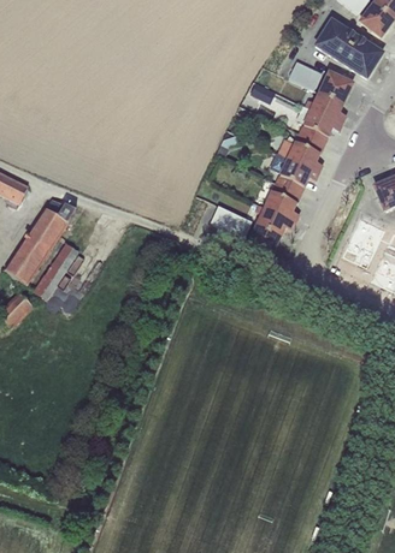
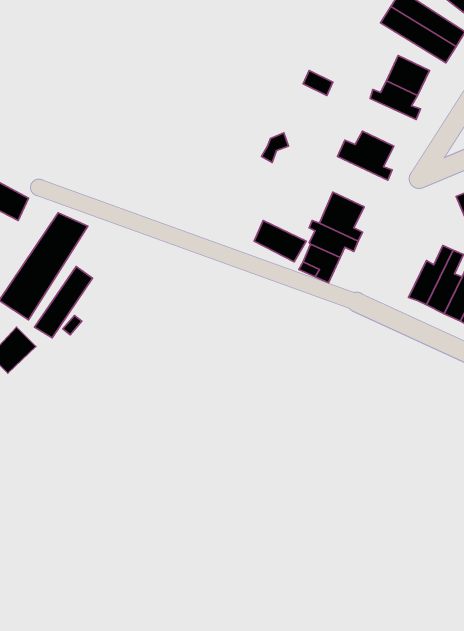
building: [289,60,323,90] -> none
building: [296,105,342,144] -> none
building: [270,153,319,194] -> none

